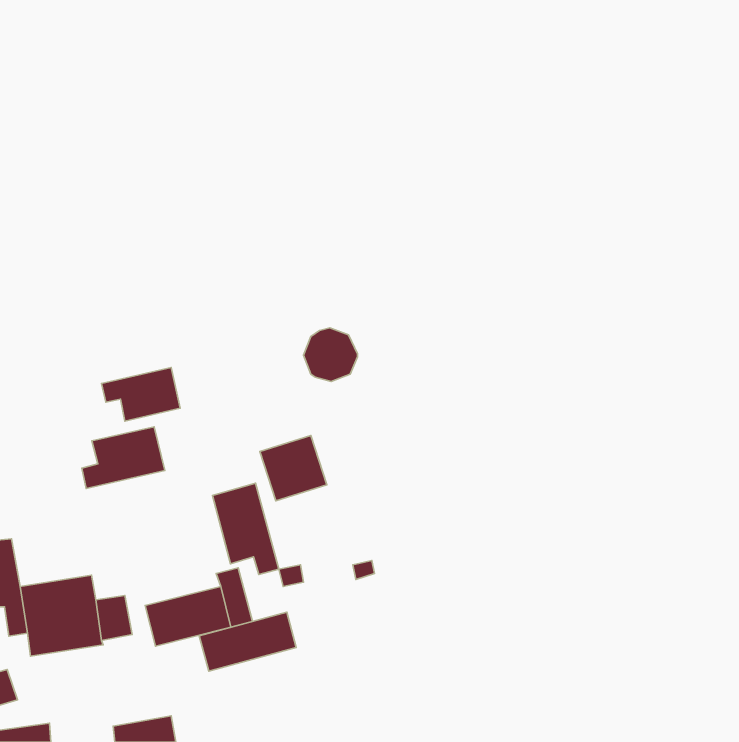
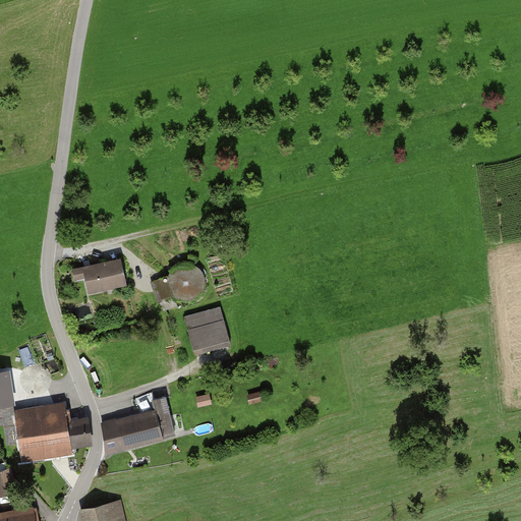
building: [304,328,357,381] -> [167,263,205,300]
building: [82,427,165,489] -> none
building: [213,483,279,575] -> none
building: [199,612,296,671] -> none

